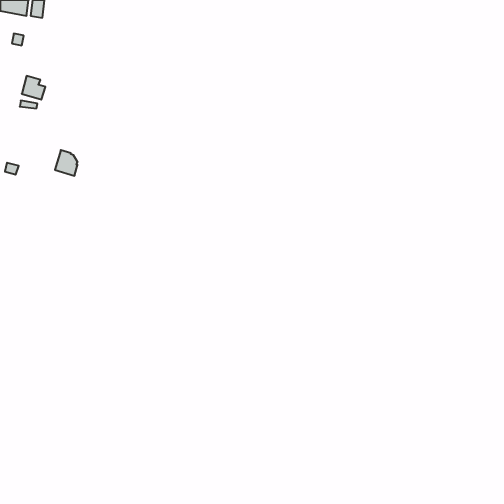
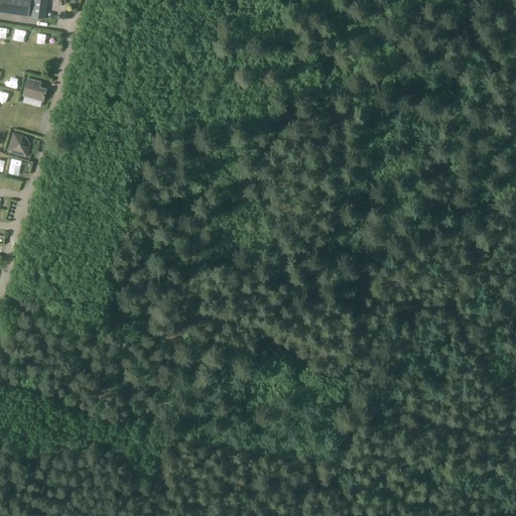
building: [55,150,78,176] -> [6,132,29,158]

